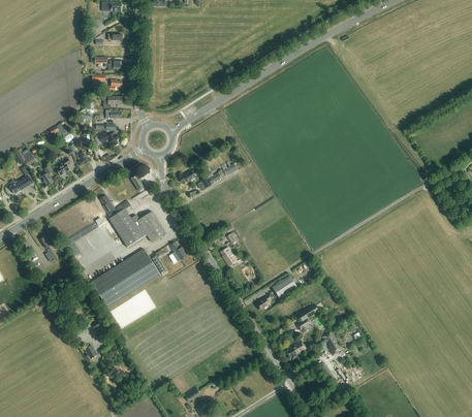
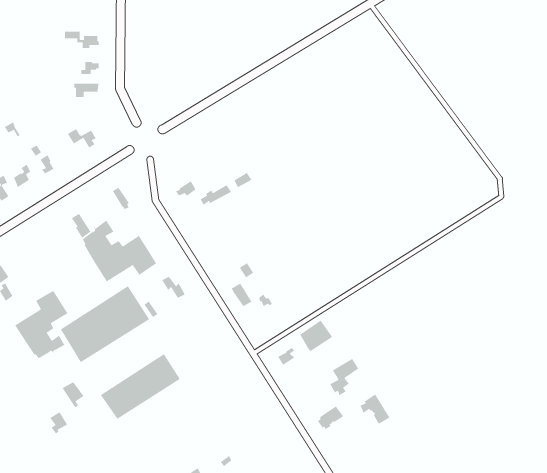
building: none -> [14,290,69,359]
building: none -> [100,353,181,420]

